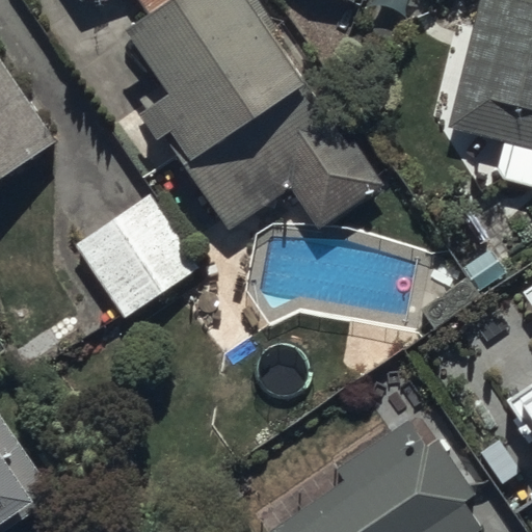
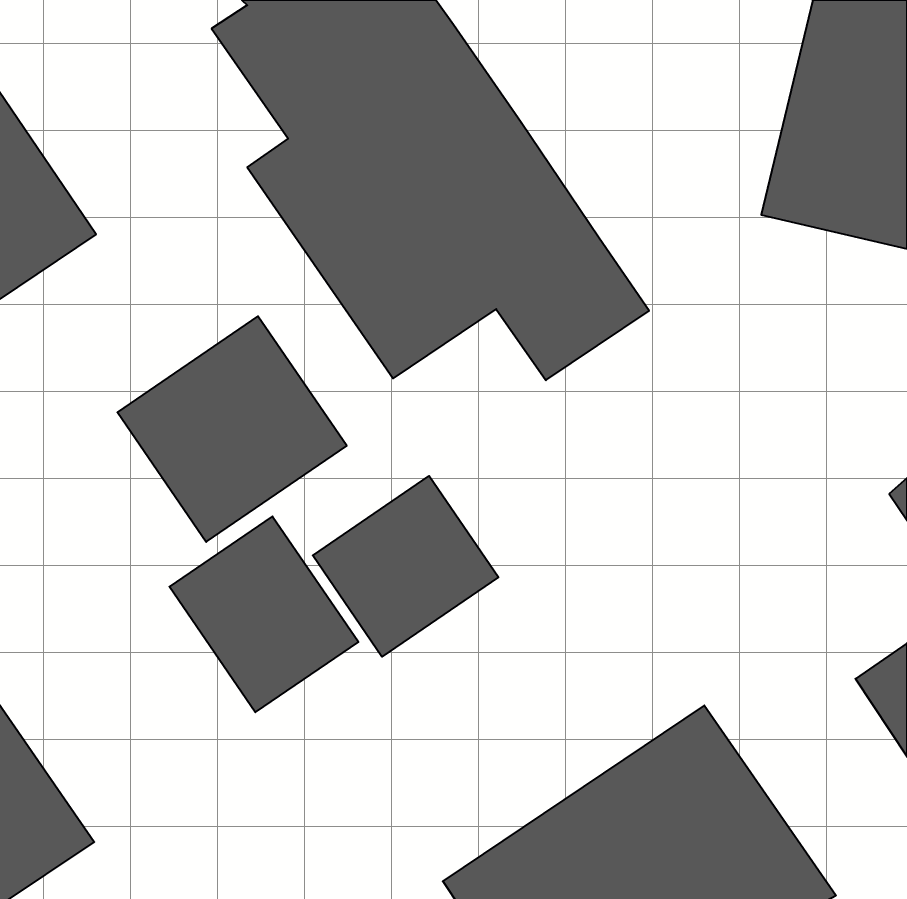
building: none -> [313,476,498,657]
building: none -> [169,516,358,712]

